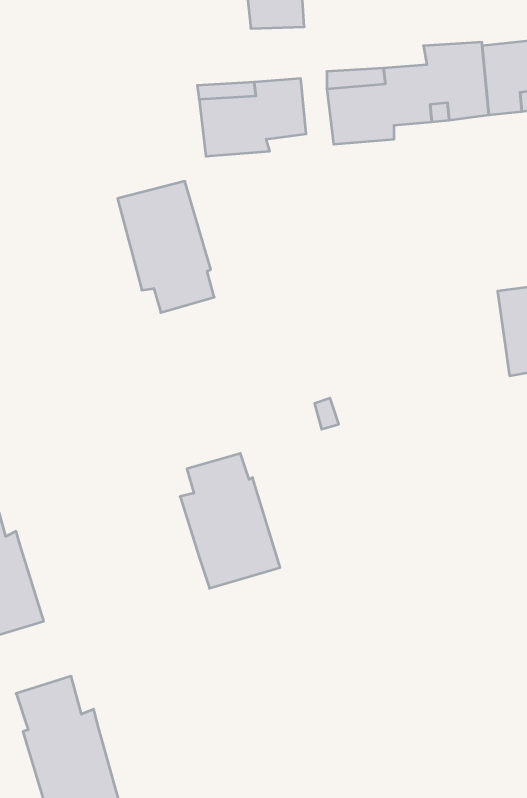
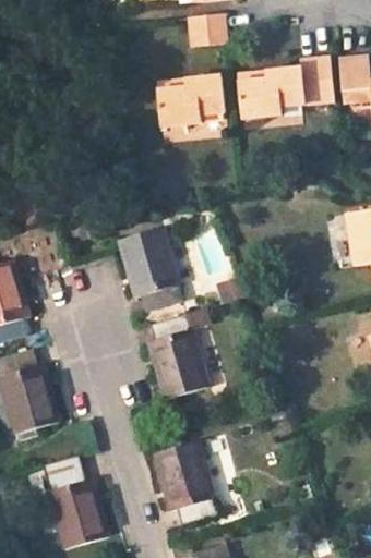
building: [118,181,214,313] -> [119,228,180,311]
building: none -> [154,441,217,525]

